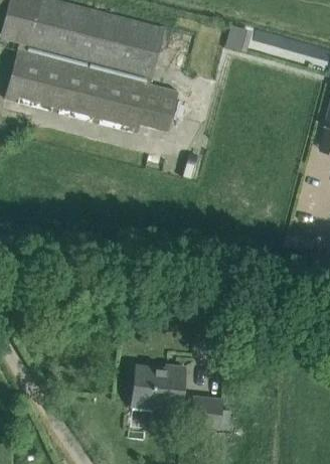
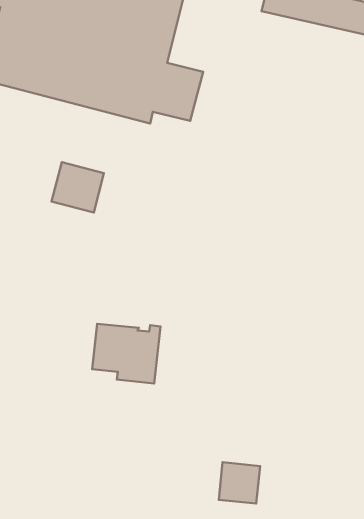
building: none -> [51,162,104,213]
building: [133,364,186,411] -> [92,324,161,383]

